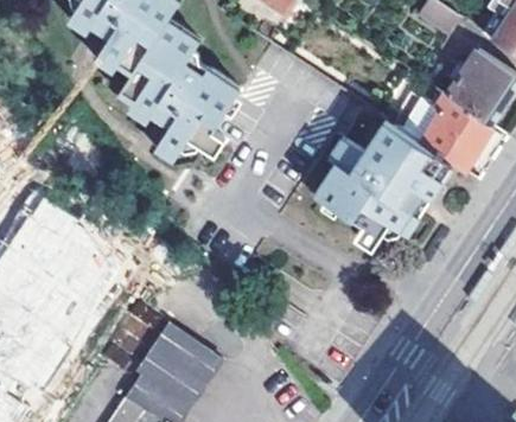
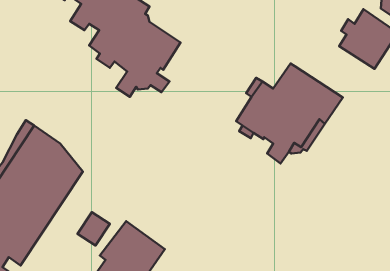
building: [390,92,495,171] -> none

